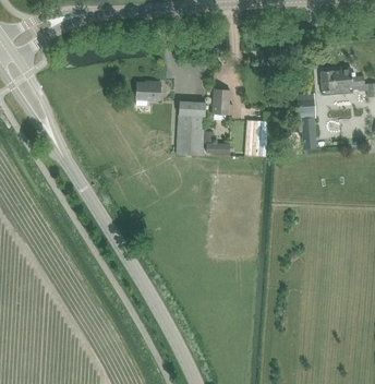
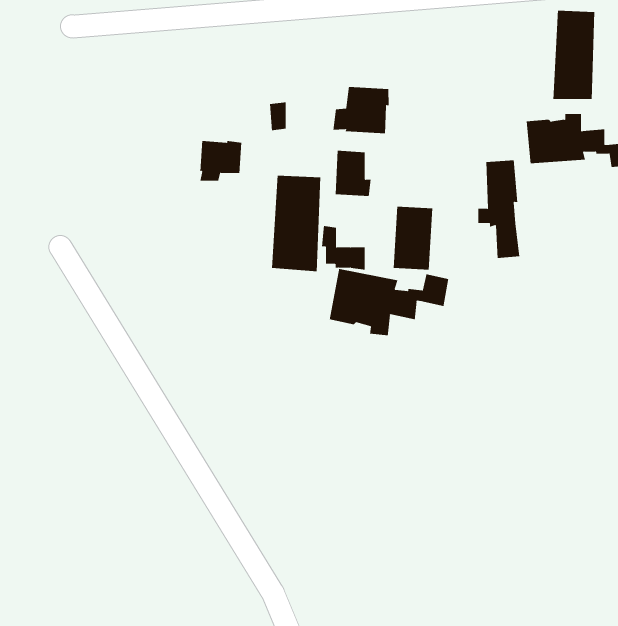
building: none -> [553,10,595,100]
building: none -> [333,86,389,134]
building: none -> [329,268,449,336]

